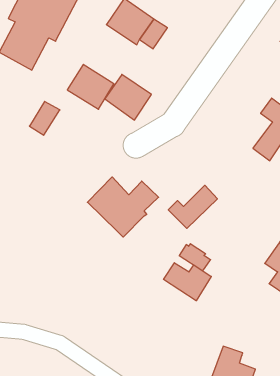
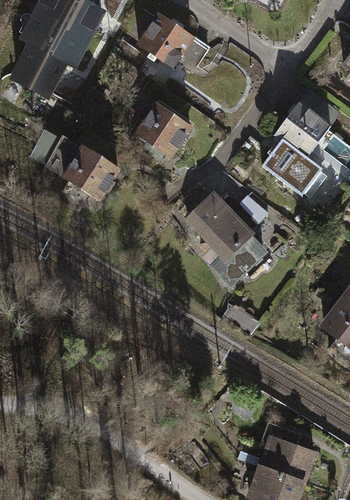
building: [67,64,114,109] -> [63,145,118,198]
building: none -> [262,100,330,194]
building: [87,177,159,237] -> [186,188,270,259]
building: [164,263,211,301] -> none

